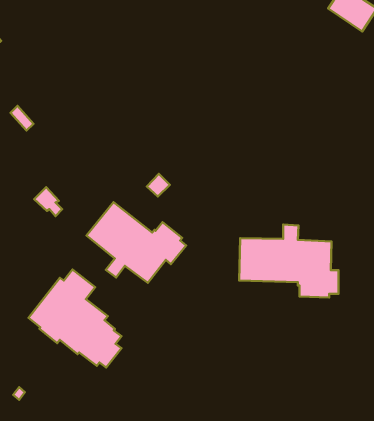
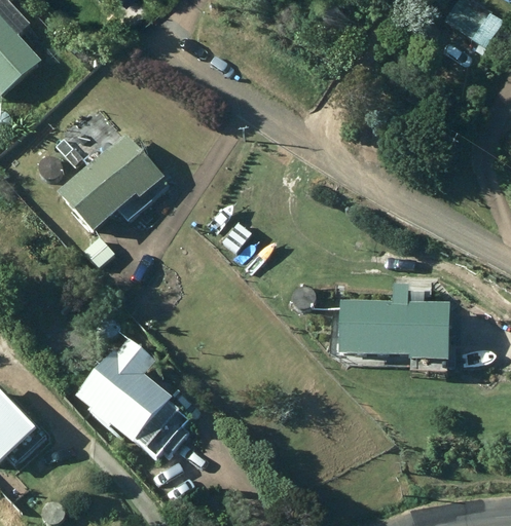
building: none -> [60,133,163,231]
building: [87,202,186,283] -> none

